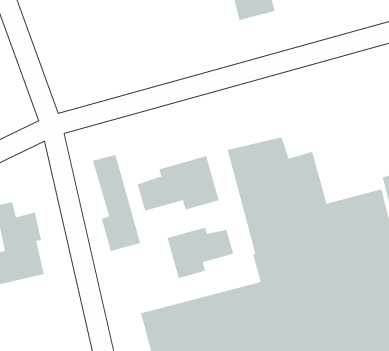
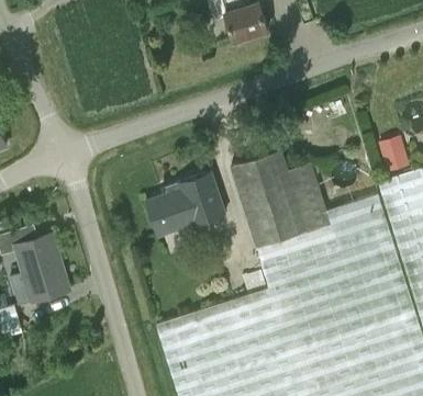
building: [92,154,141,252] -> none
building: [167,227,234,279] -> none

